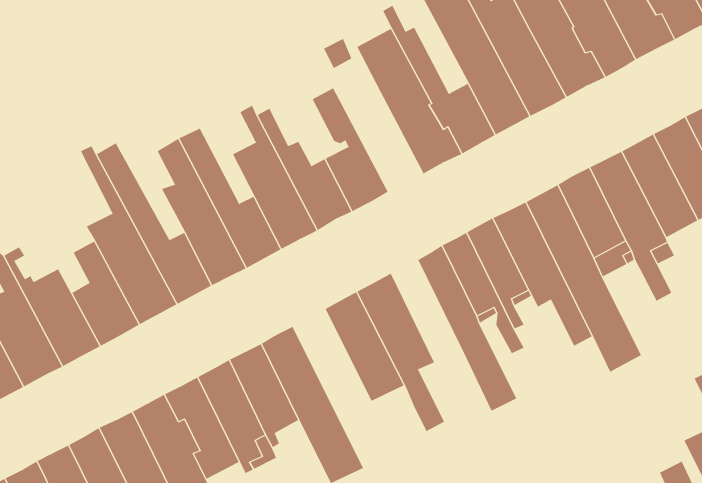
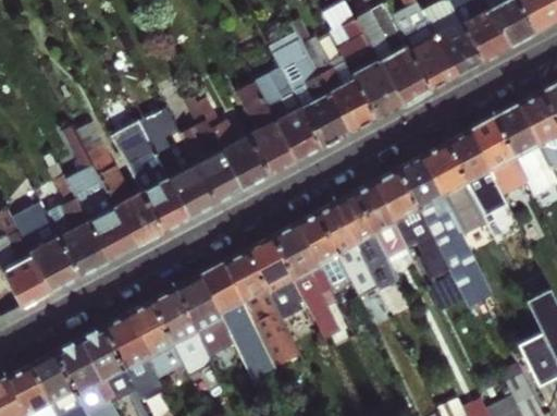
building: none -> [255,73,322,161]
building: none -> [298,212,351,291]
building: none -> [224,249,300,367]

